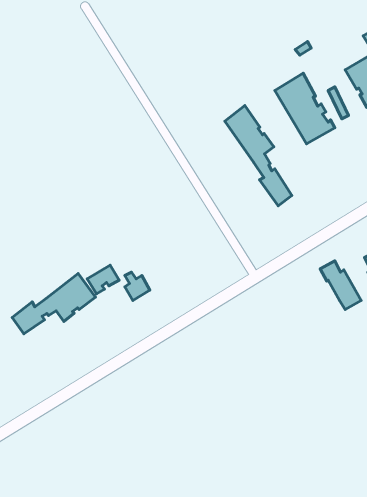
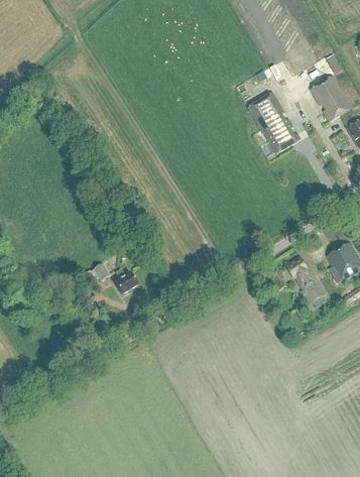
building: [225,106,292,206] -> none
building: [12,274,96,334] -> none

